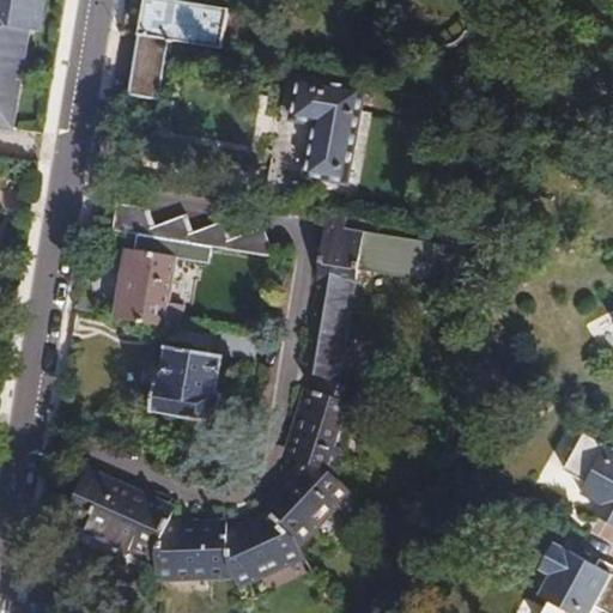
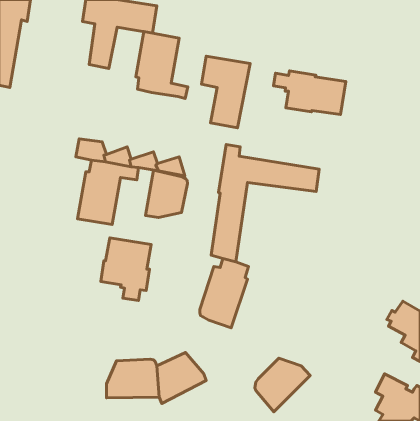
building: none -> [136,32,188,98]
building: none -> [273,71,346,115]
building: none -> [146,170,188,217]
building: [268,465,348,542] -> [255,358,310,412]
building: [65,468,171,557] -> none

